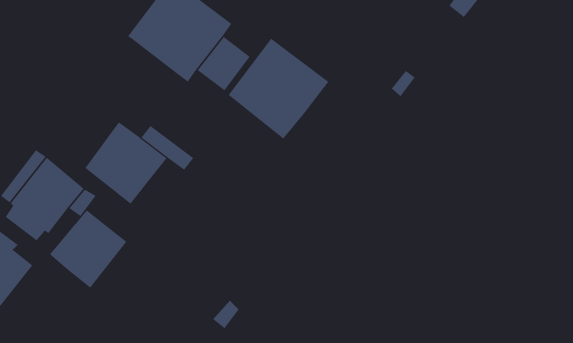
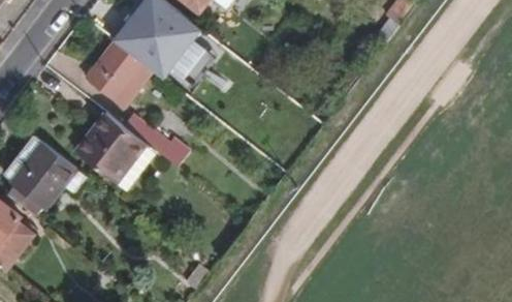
building: [228,38,329,140] -> none
building: none -> [86,41,152,107]
building: [49,210,127,289] -> none

